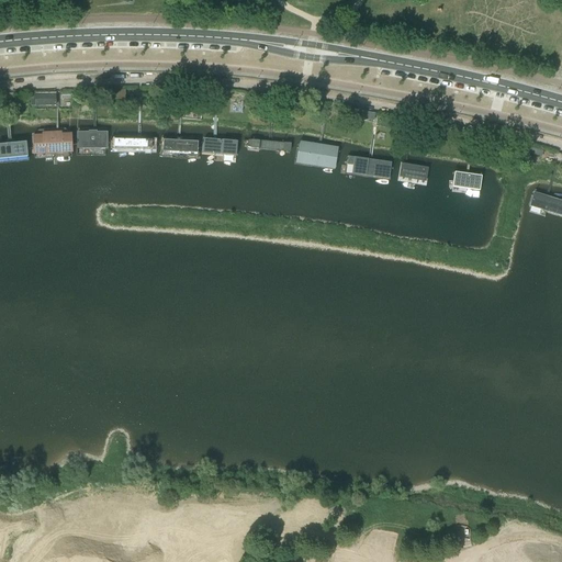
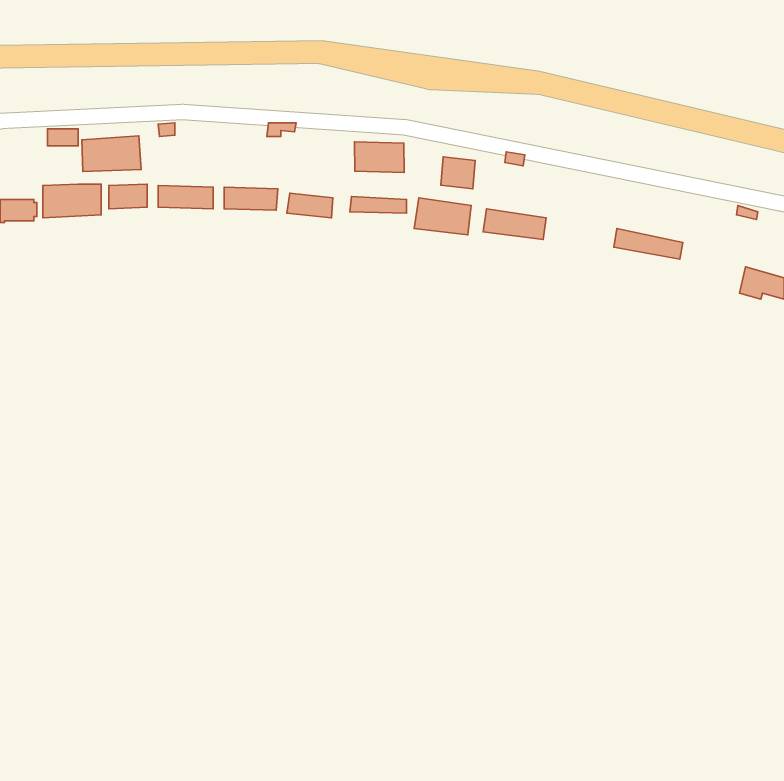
building: none -> [82,136,141,172]
building: none -> [354,142,404,173]
building: none -> [441,157,475,189]
building: [401,162,431,183] -> none

